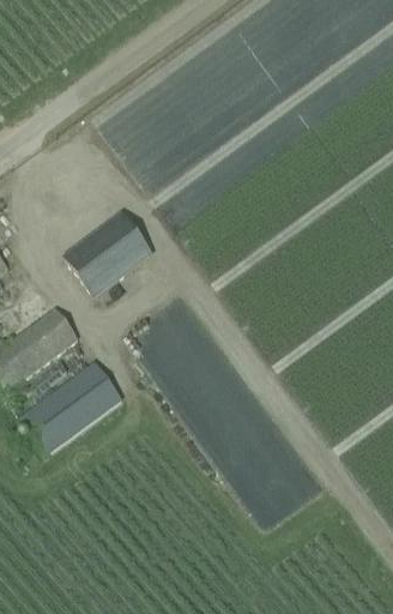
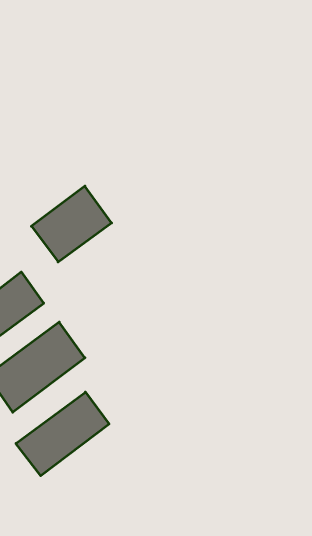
building: none -> [16,392,109,476]

